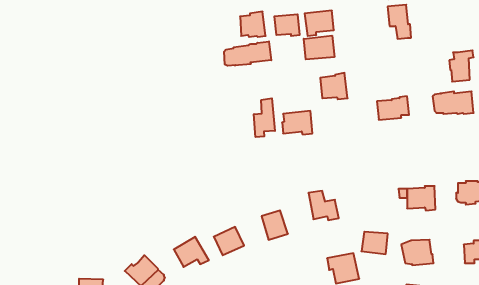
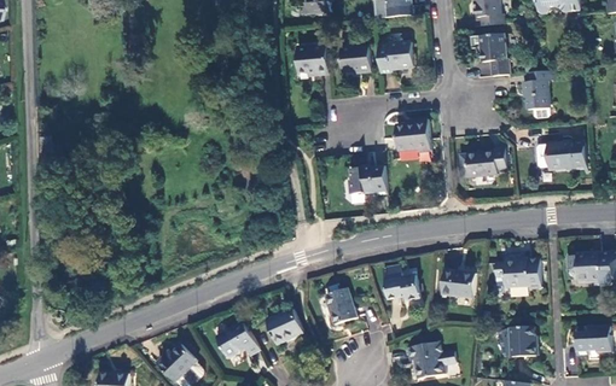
building: [304,36,334,59] -> none
building: [224,41,271,66] -> none
building: [449,50,474,82] -> [524,70,554,109]
building: [254,98,275,137] -> none
building: [361,232,388,254] -> [442,270,475,298]

